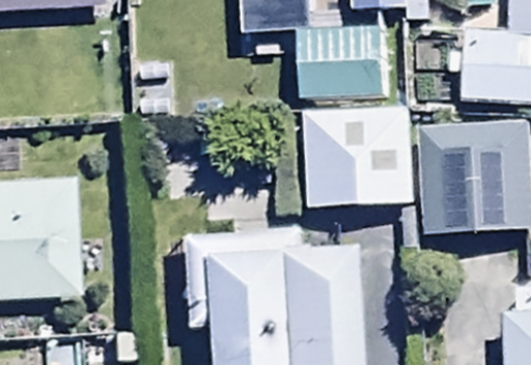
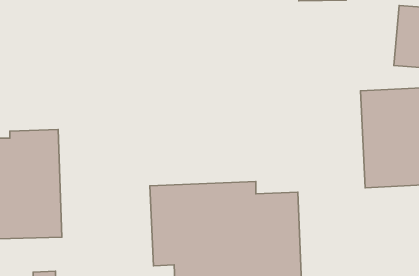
building: [298,30,395,109] -> none
building: [304,111,412,210] -> none

